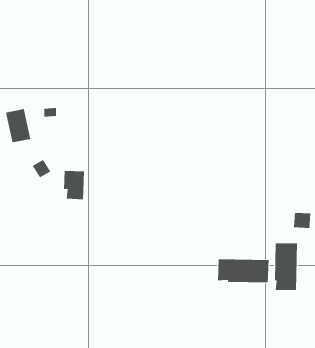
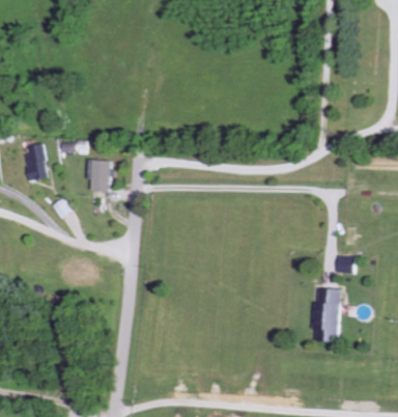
building: [63,170,85,200] -> [89,159,113,191]
building: [217,258,269,283] -> none

